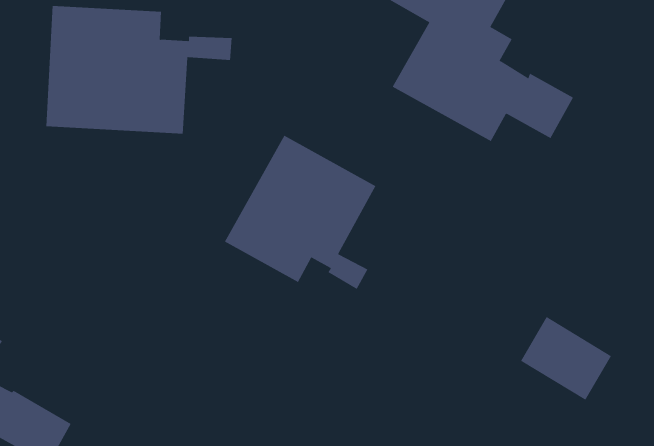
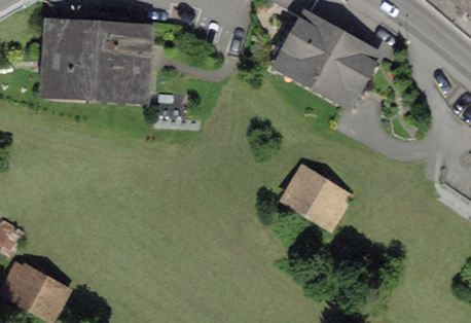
building: [224,135,376,290] -> none
building: [520,316,612,401] -> [285,173,347,229]

